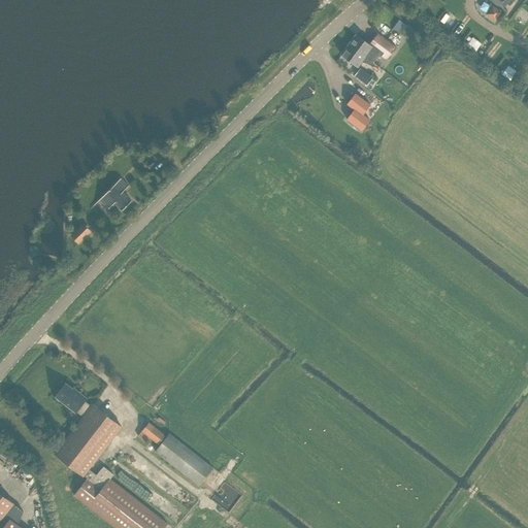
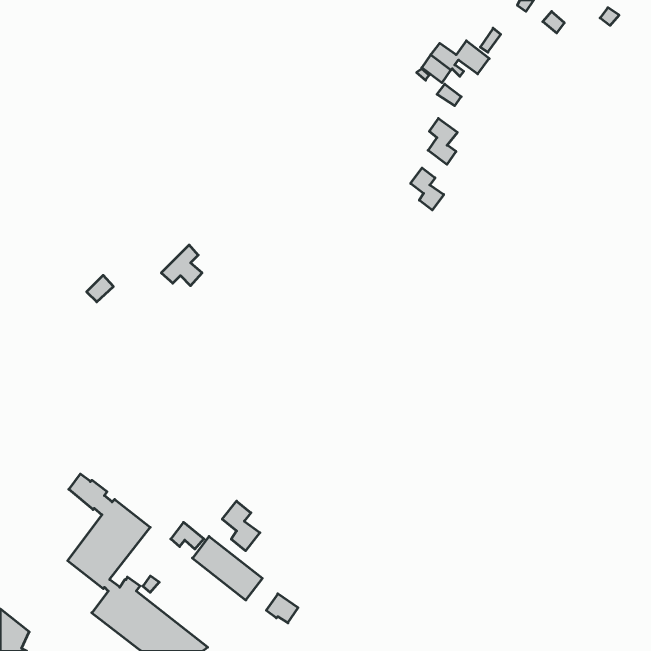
building: none -> [411,168,444,210]
building: [99,178,132,211] -> [161,245,202,286]
building: none -> [222,501,260,551]

